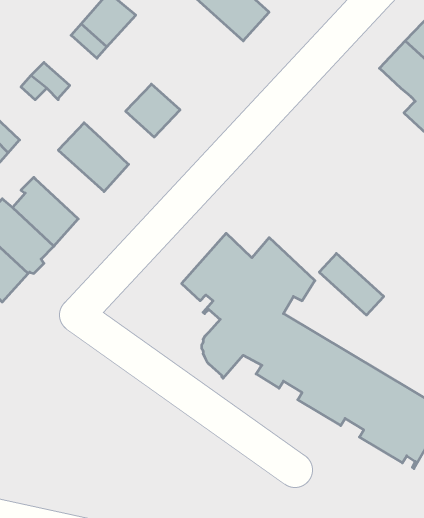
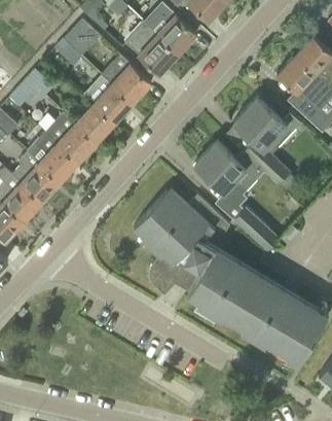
building: none -> [125,33,178,74]
building: none -> [101,64,151,104]
building: none -> [233,98,289,184]
building: none -> [76,105,114,143]
building: none -> [29,133,78,182]
building: none -> [193,142,251,207]

